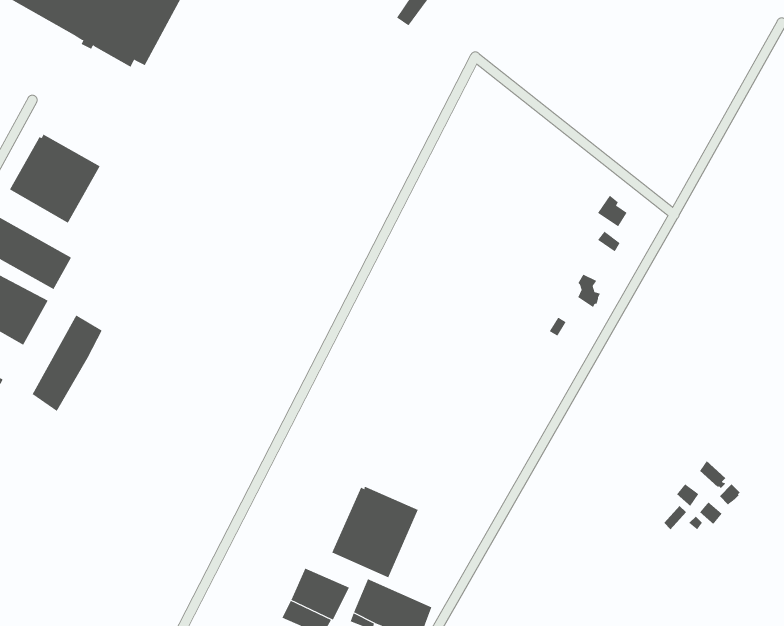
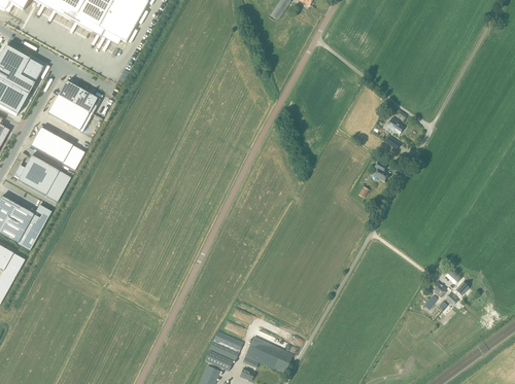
building: [32,314,102,412] -> none
building: [331,486,418,578] -> none

